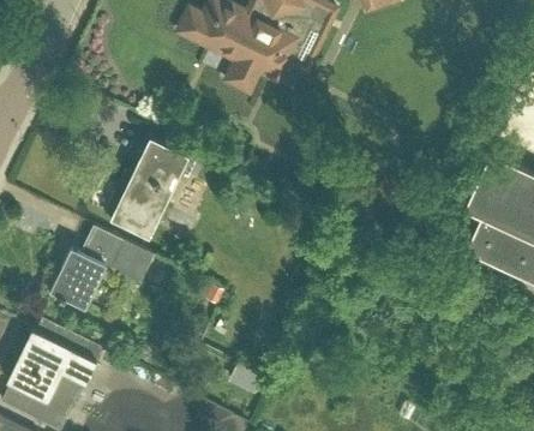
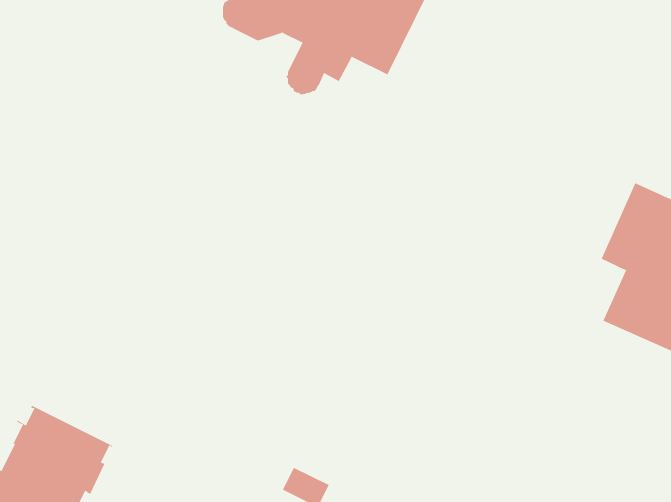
building: [109,138,187,235] -> none
building: [48,227,154,307] -> none

